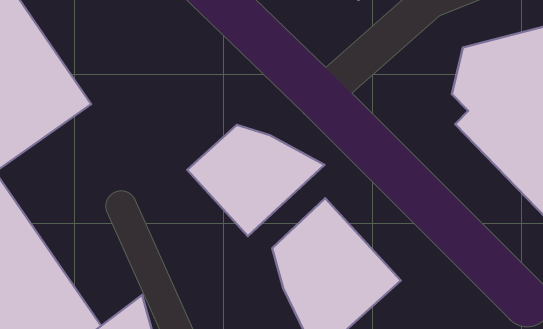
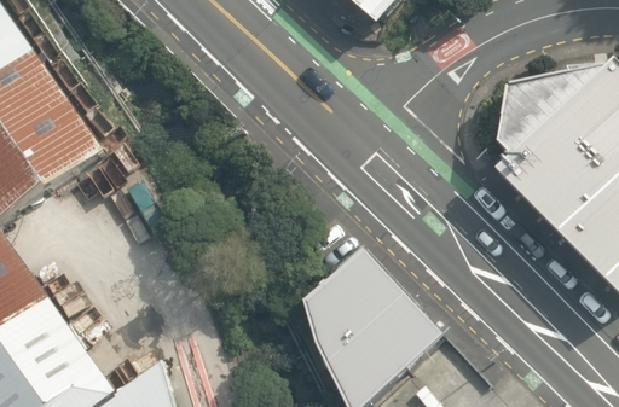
building: [187,125,325,236] -> none

